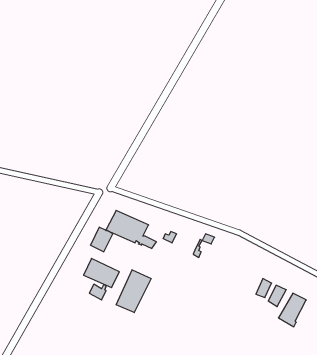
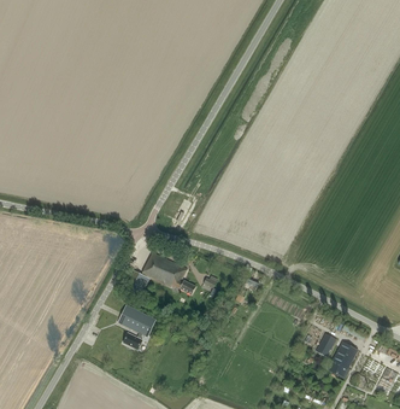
building: [116,270,151,313] -> none

